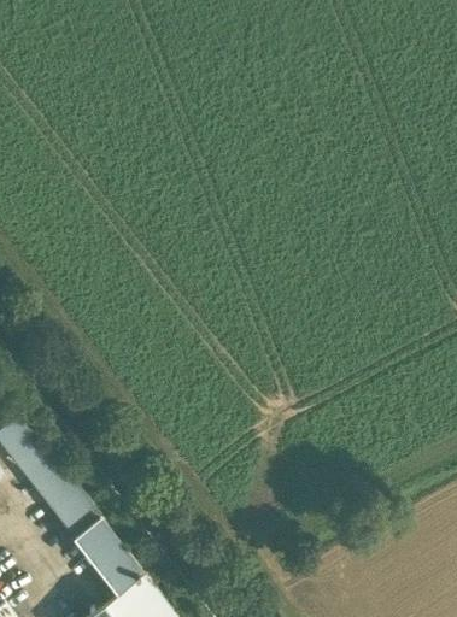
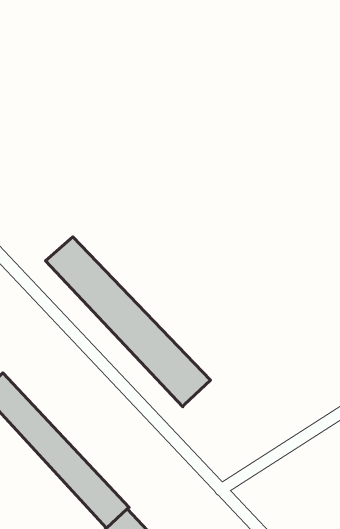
building: none -> [46,237,211,407]

